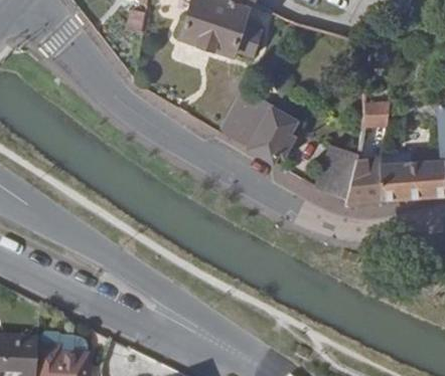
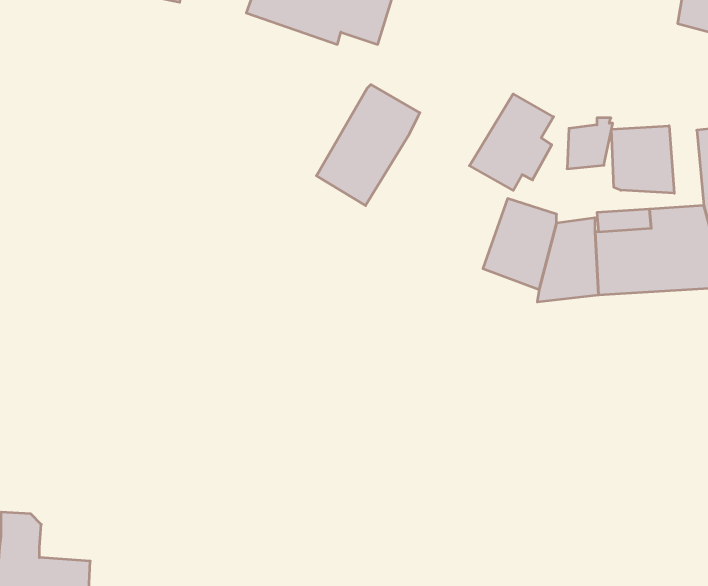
building: none -> [611,126,674,193]
building: [248,108,296,163] -> [469,94,554,190]

